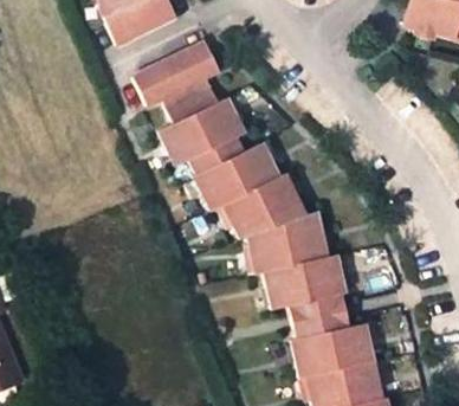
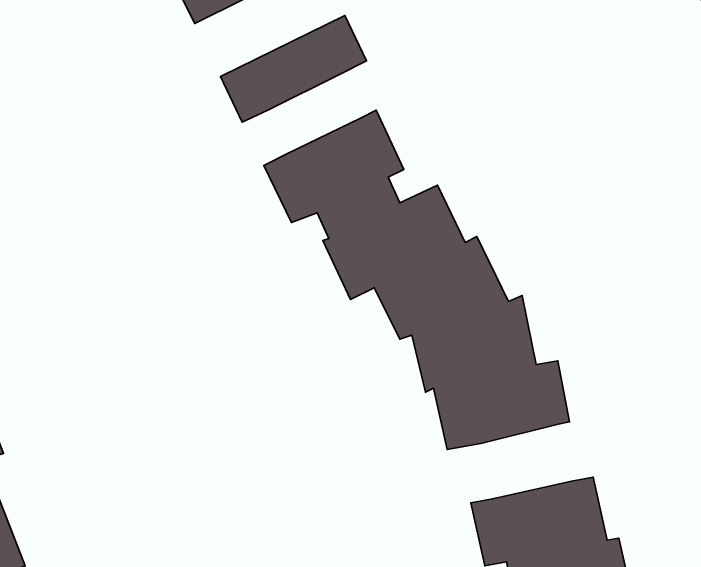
building: [162,78,218,125] -> none
building: [290,288,344,333] -> none

